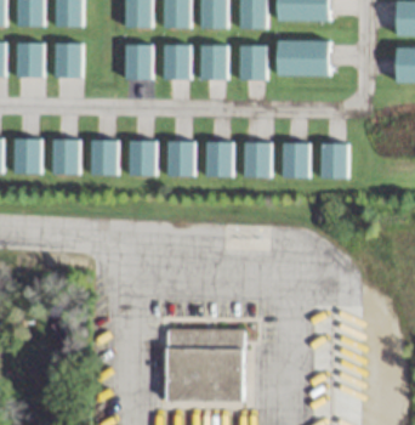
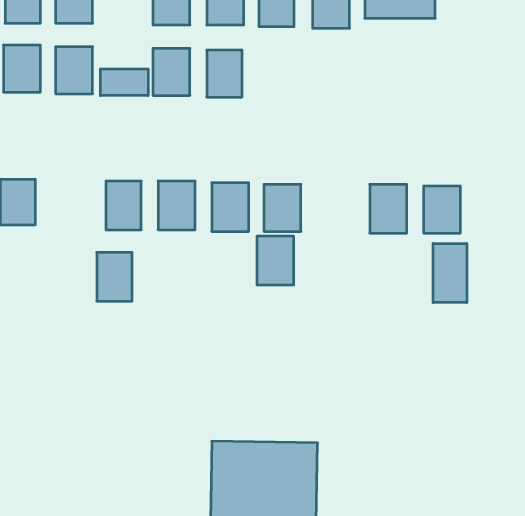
building: [278,40,330,75] -> none
building: [201,45,228,79] -> none
building: [241,46,266,79] -> none
building: none -> [100,69,148,96]
building: [53,138,79,174] -> [97,252,132,301]
building: [245,142,272,177] -> [257,236,294,285]
building: none -> [433,243,467,303]

